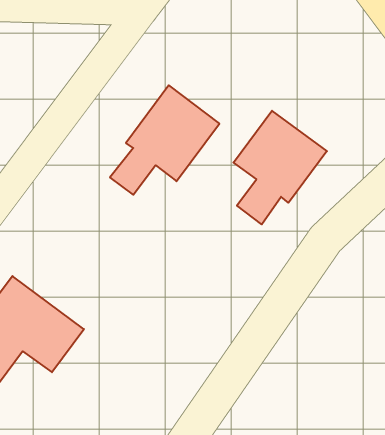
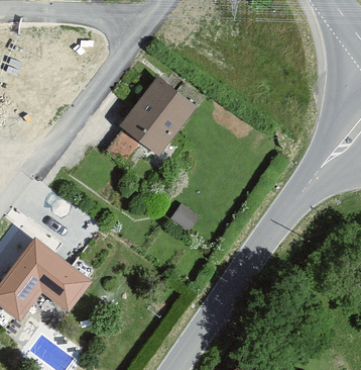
building: [233,111,327,224] -> none

